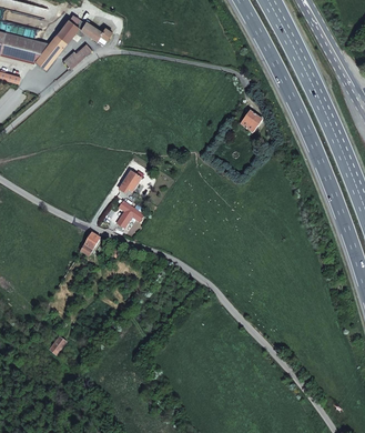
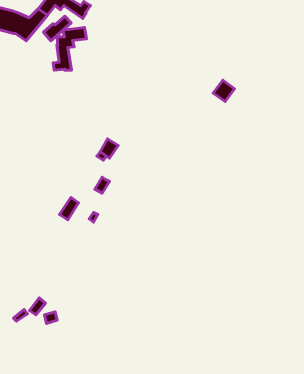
building: none -> [53,27,86,70]

